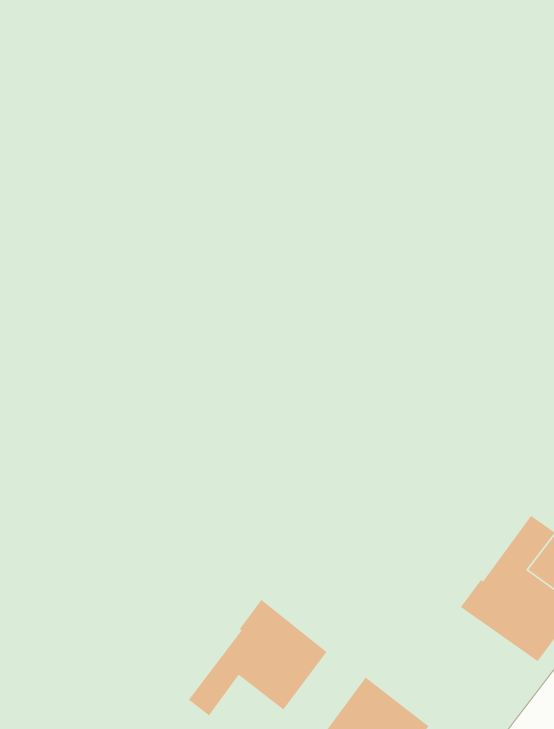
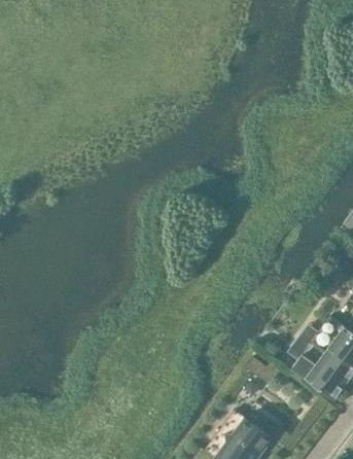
building: [188,599,327,716] -> none

